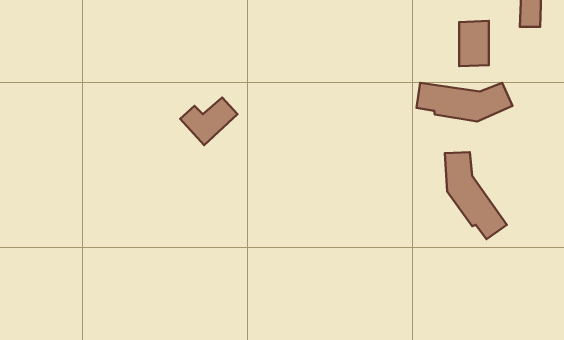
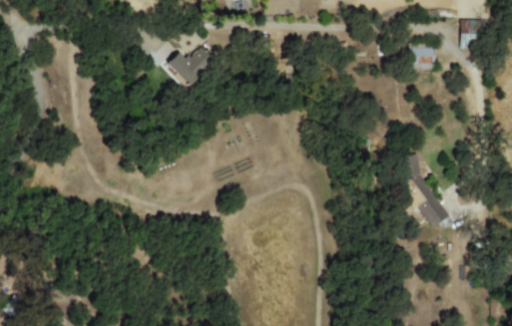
building: [417,83,513,121] -> none
building: [180,97,238,145] -> [168,45,216,85]

